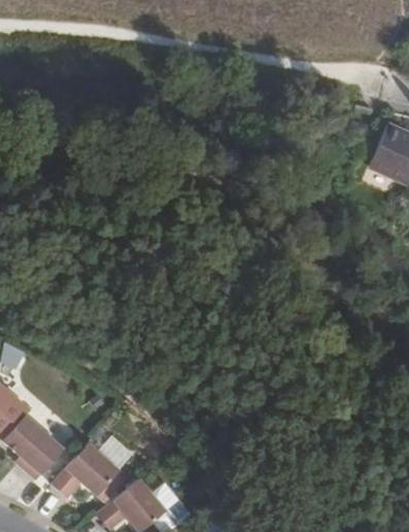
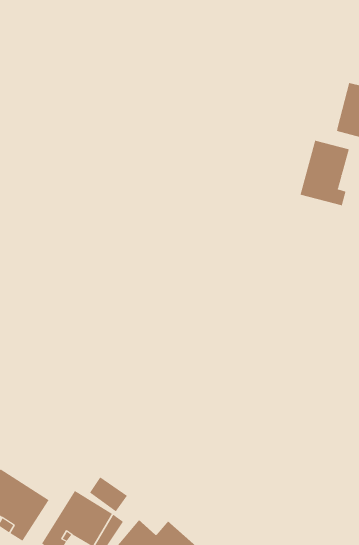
building: none -> [300,140,349,206]

